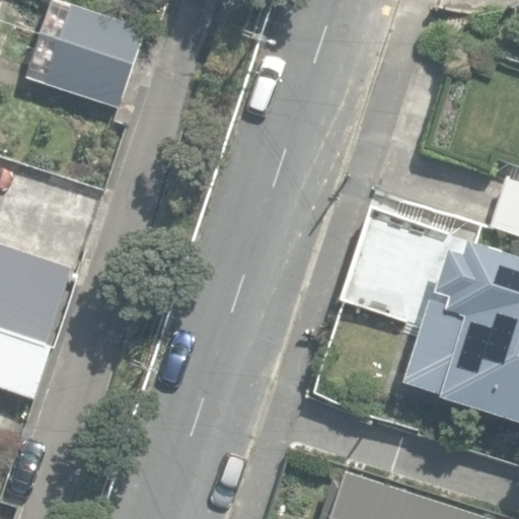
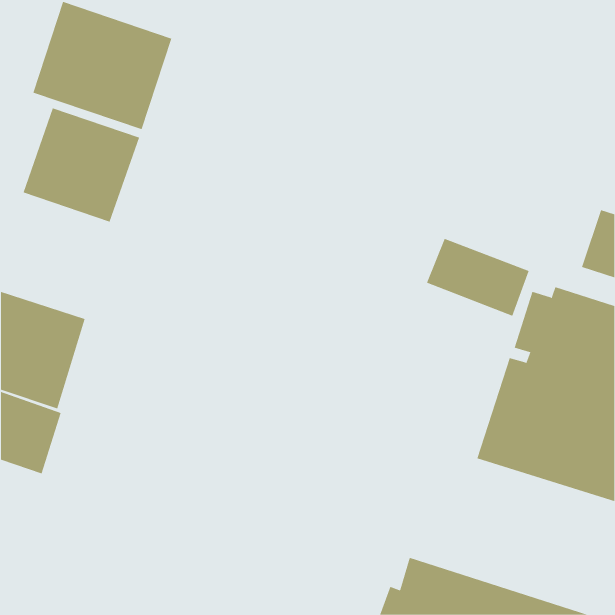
building: none -> [23,107,140,223]

